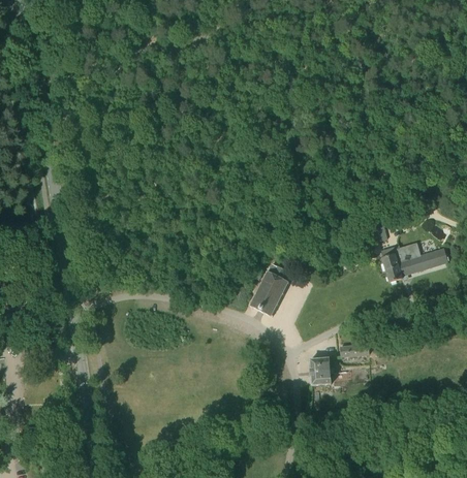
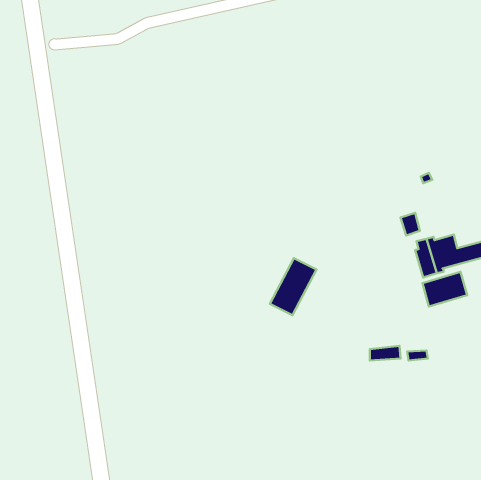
building: none -> [422,272,467,307]
building: [311,359,333,388] -> none

